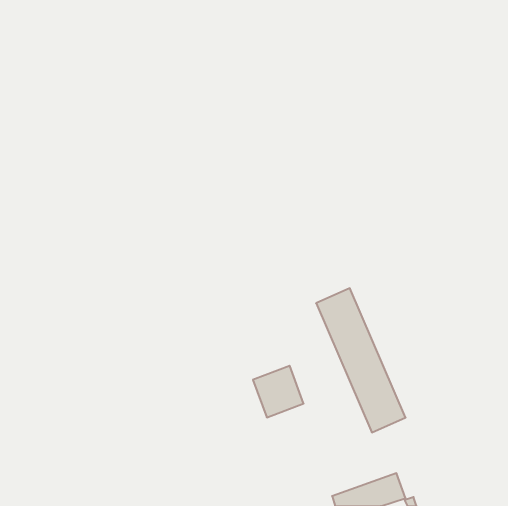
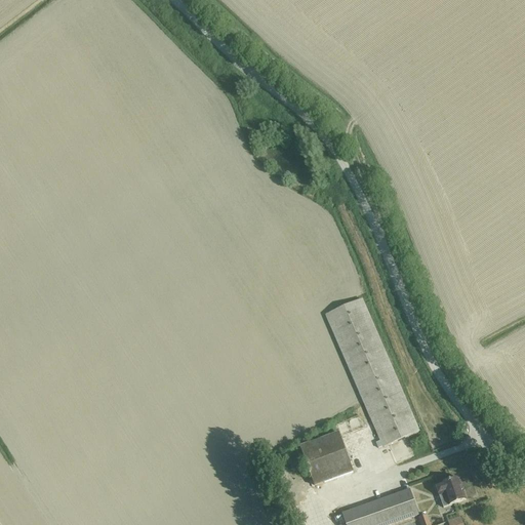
building: [253,366,304,417] -> [300,432,353,485]
building: none -> [436,477,466,507]

